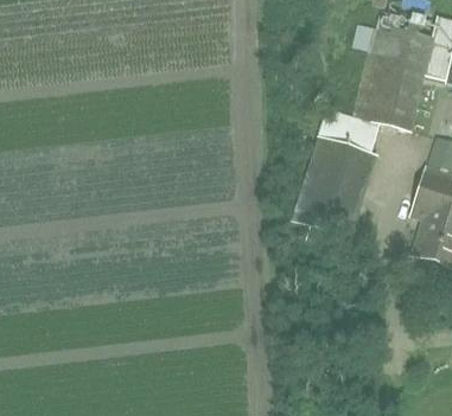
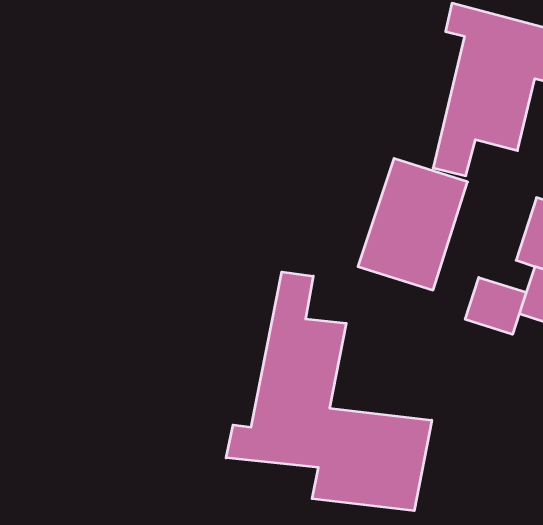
building: none -> [226,272,432,511]
building: none -> [465,277,526,334]

